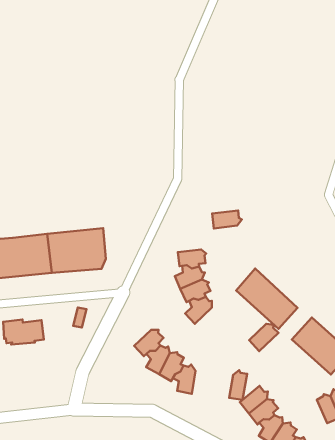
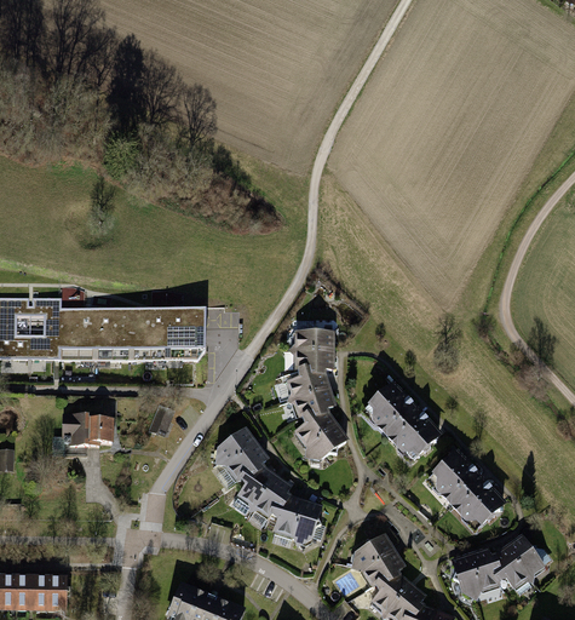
building: [212,210,242,228] -> [297,332,334,351]
building: none -> [215,430,253,465]
building: [249,324,279,351] -> [307,427,346,461]
building: [229,370,247,400] -> [293,501,320,540]

